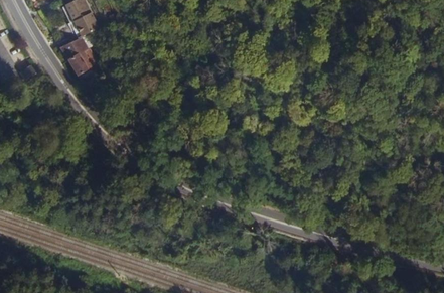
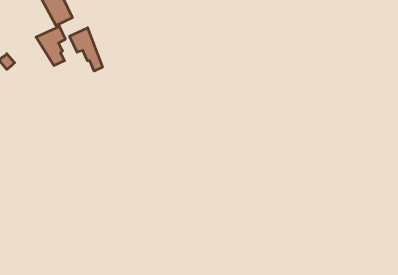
building: none -> [70,28,102,71]

